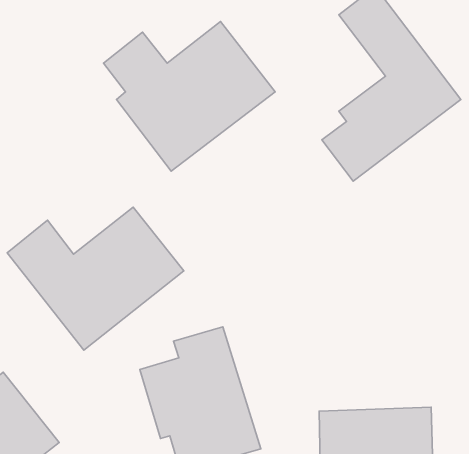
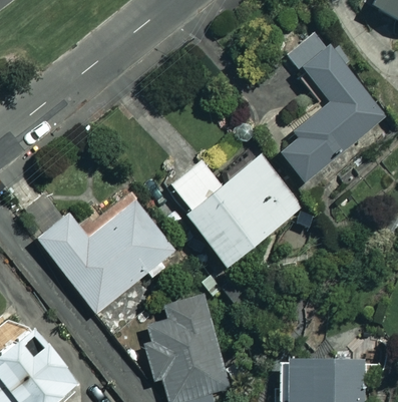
building: [104,22,275,171] -> [172,152,305,268]

